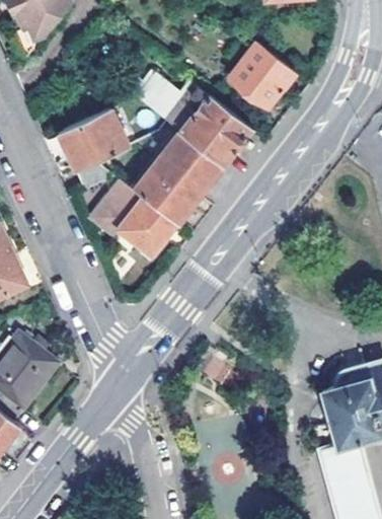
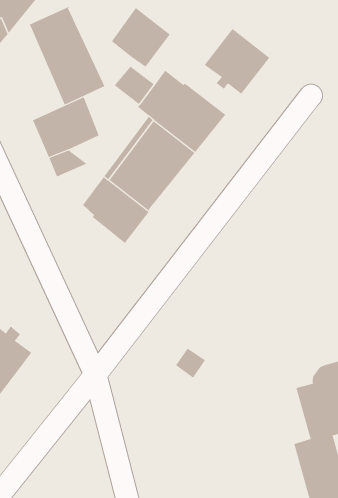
building: none -> [29,6,105,105]
building: none -> [111,7,171,67]

